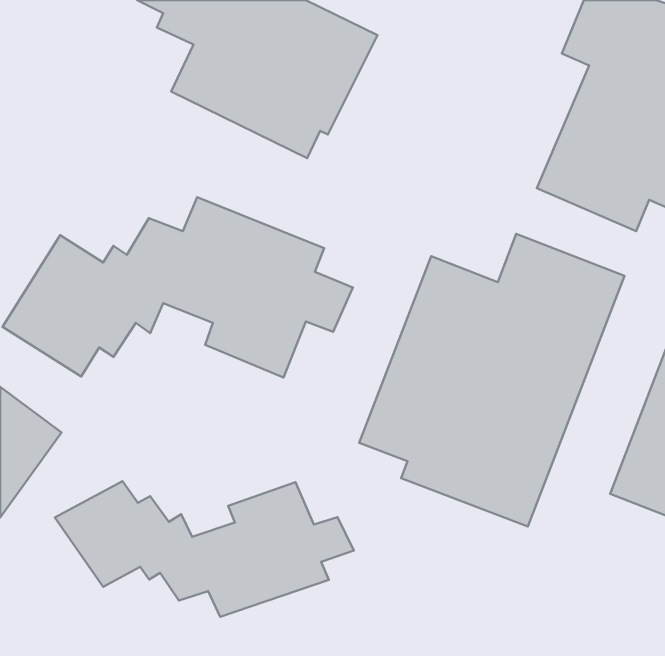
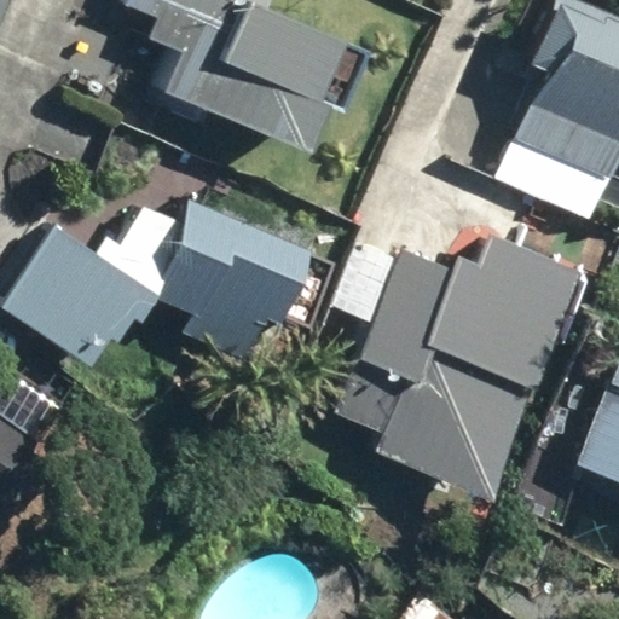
building: [55,481,354,617] -> none

